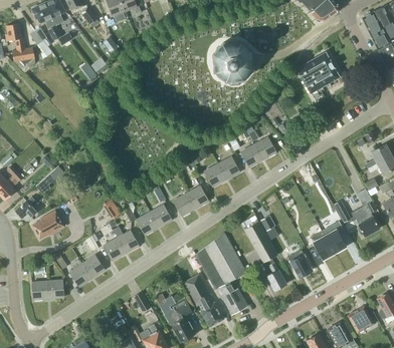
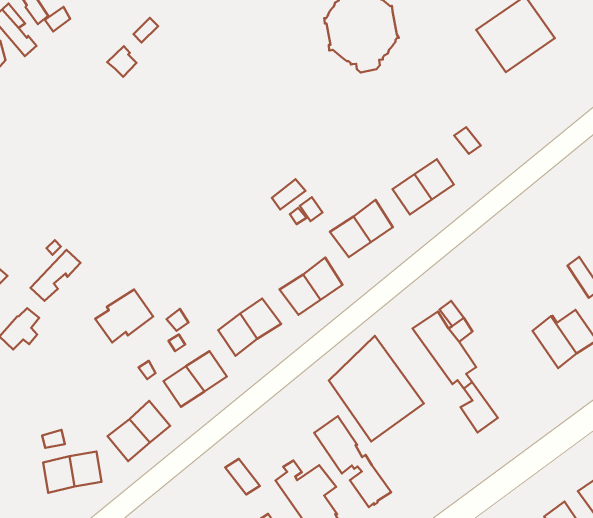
building: [32,211,64,239] -> [95,289,153,342]
building: [287,250,313,277] -> none
building: [217,282,247,314] -> none

